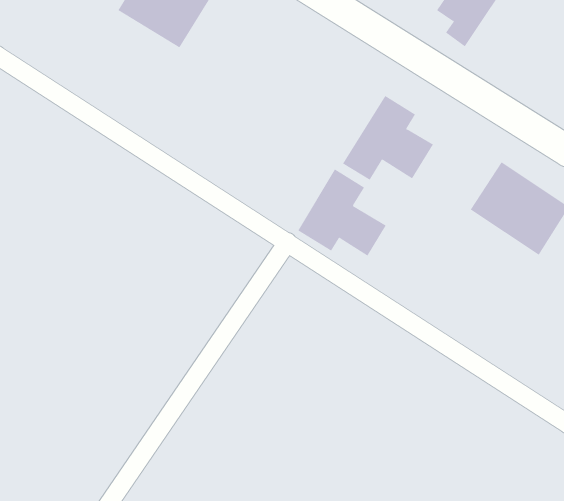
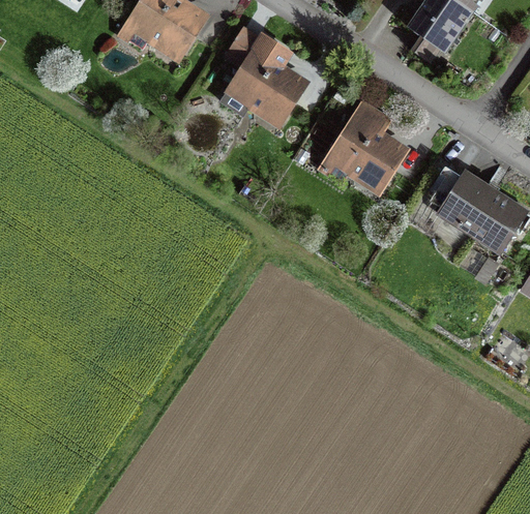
building: none -> [223,25,305,117]
building: [298,169,387,256] -> none

